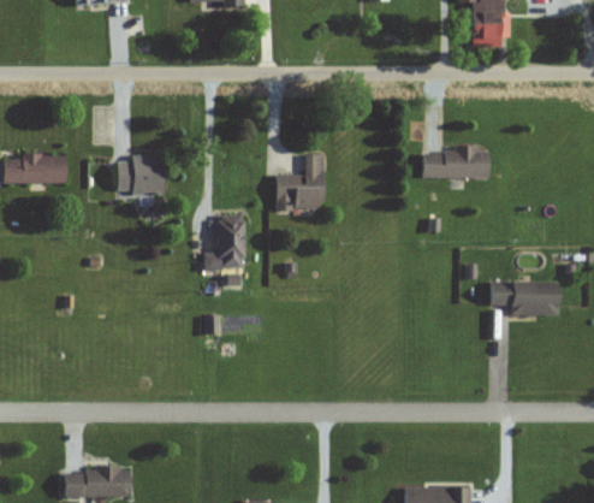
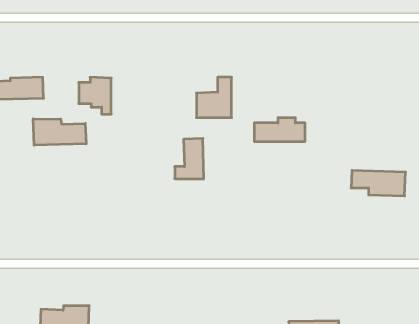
building: [421,146,491,178] -> [254,118,305,141]
building: none -> [33,119,86,145]
building: [204,214,244,270] -> [175,138,204,179]

